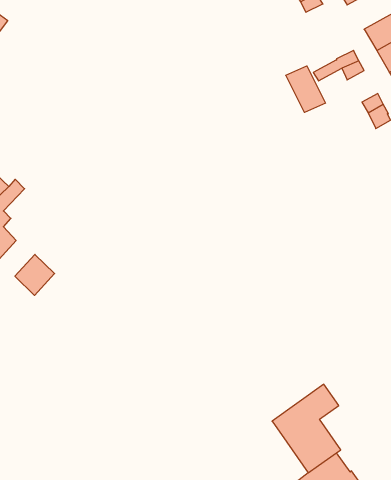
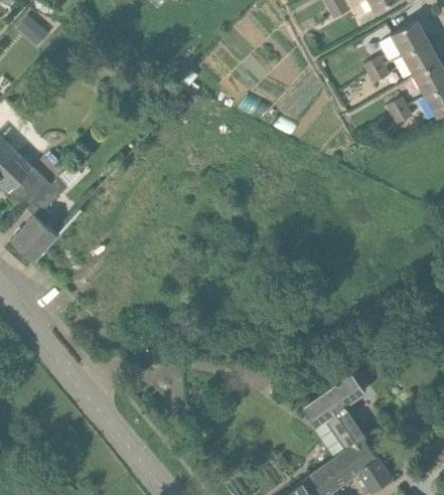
building: [286,66,325,112] -> none
building: [15,254,55,295] -> none

